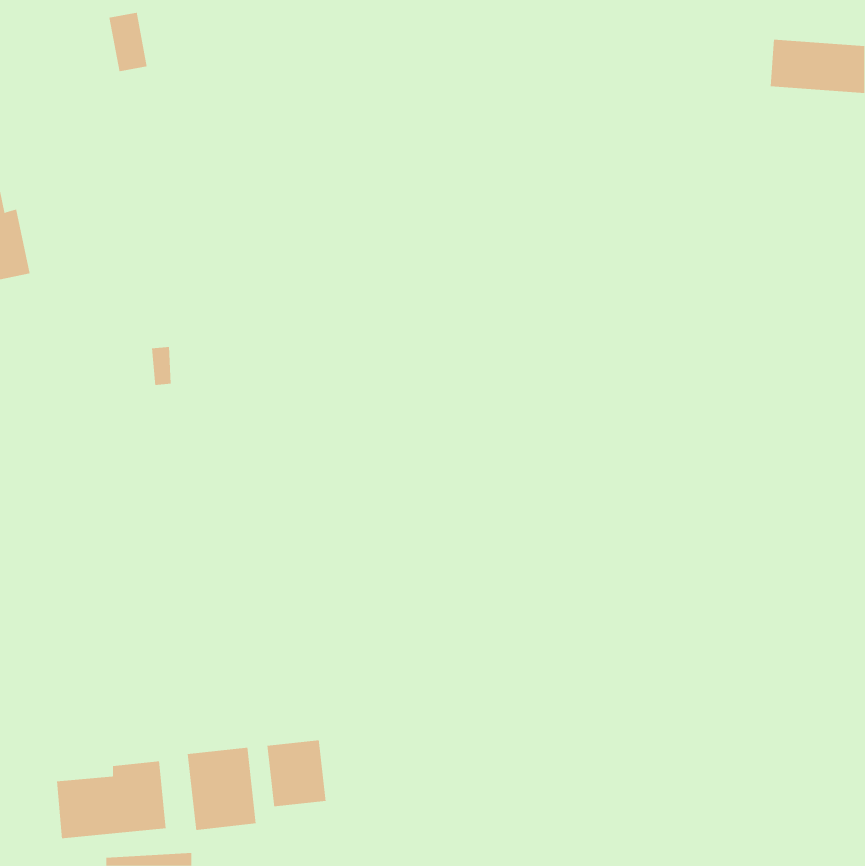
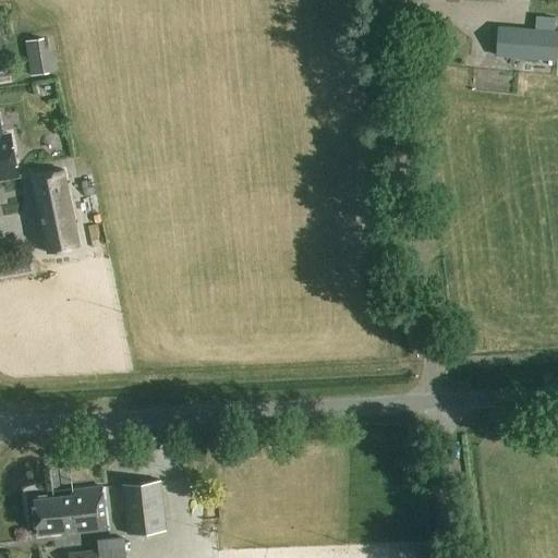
building: [108,12,148,72] -> [22,37,47,75]
building: none -> [34,173,78,254]
building: [267,740,326,807] -> none

